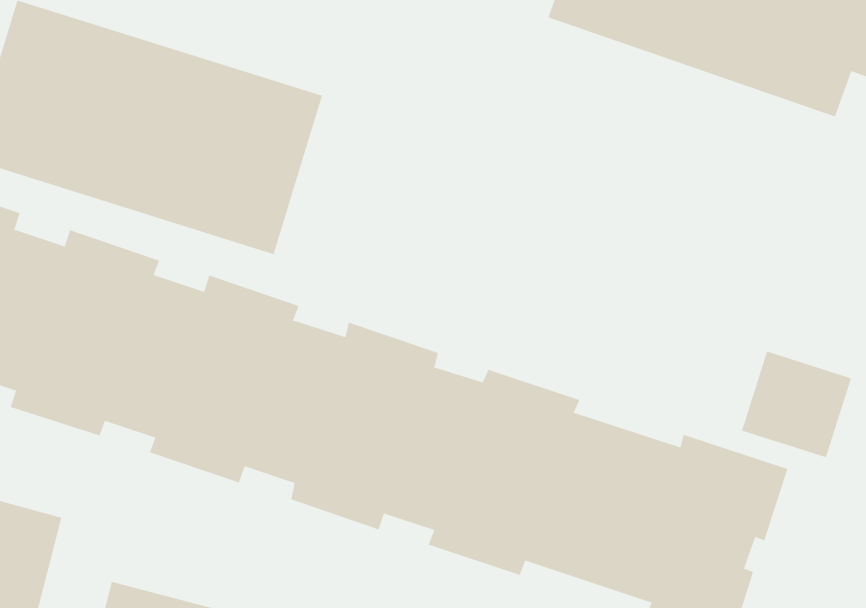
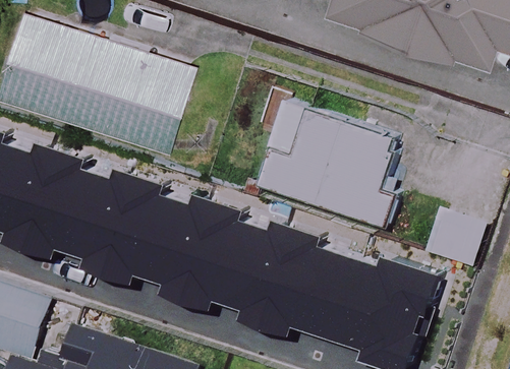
building: none -> [260,108,399,226]

